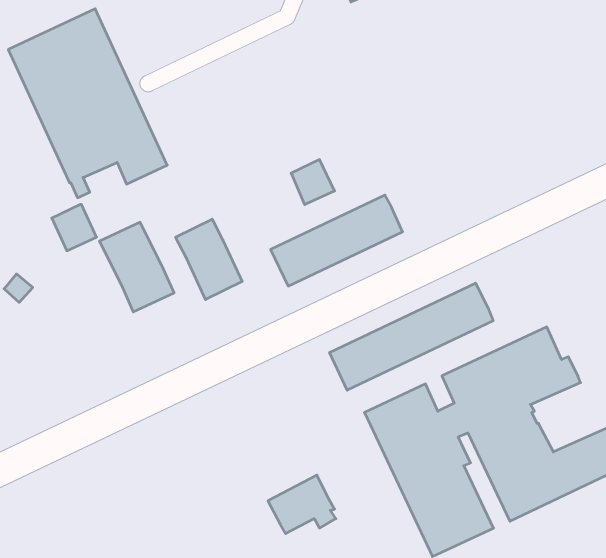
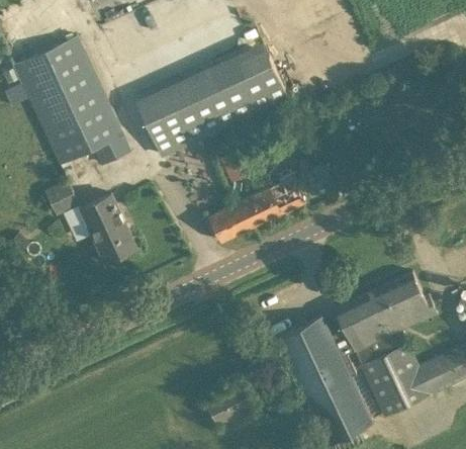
building: none -> [135,41,289,158]
building: [176,219,242,300] -> none
building: [330,283,493,390] -> none

